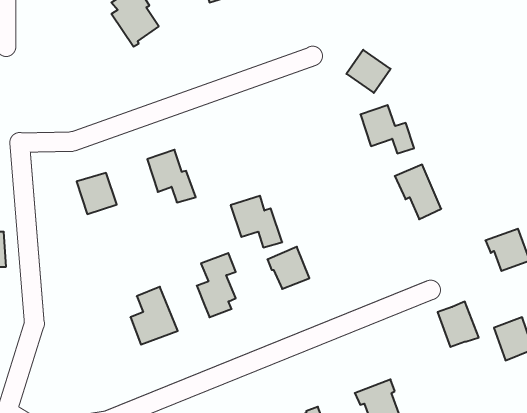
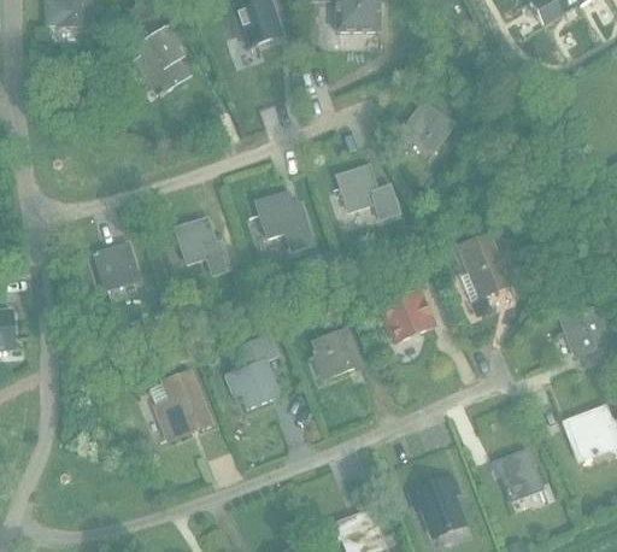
building: [360,105,414,153] -> [337,164,399,219]
building: [231,196,282,247] -> [254,190,313,249]
building: none -> [380,289,435,342]
building: [438,302,479,347] -> [495,450,542,501]

